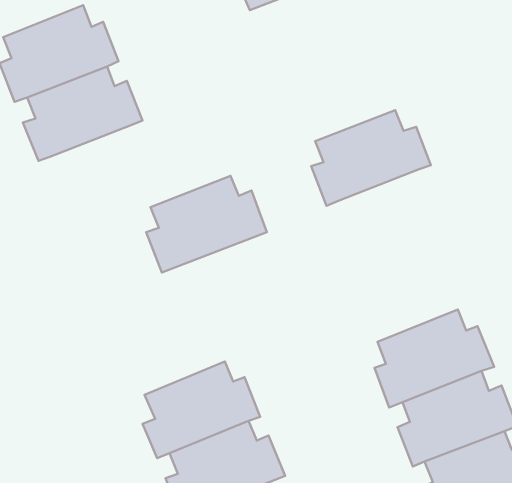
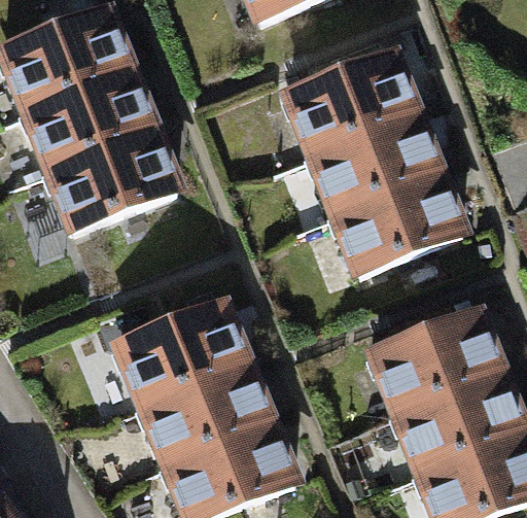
building: none -> [292,59,412,154]
building: none -> [340,178,458,274]
building: [146,176,267,273] -> [54,135,173,231]
building: none -> [124,309,242,406]

